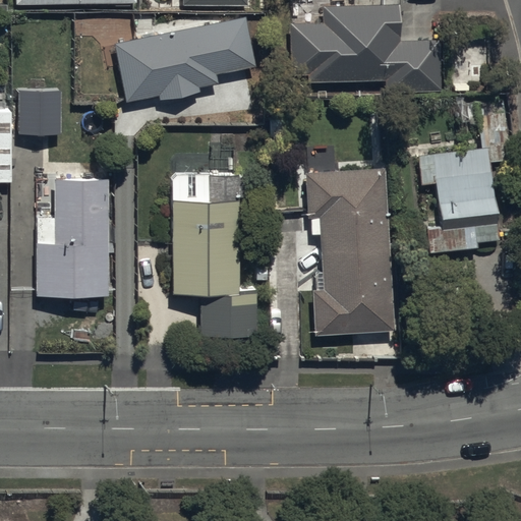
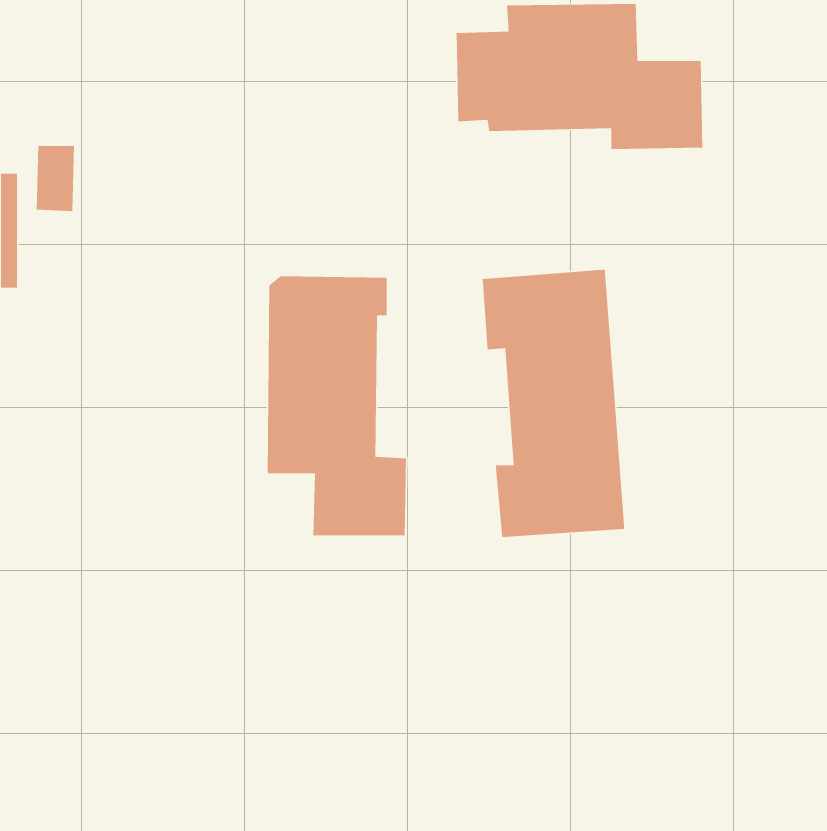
building: [115,18,255,103] -> none
building: [417,149,499,253] -> none
building: [39,178,112,295] -> none

